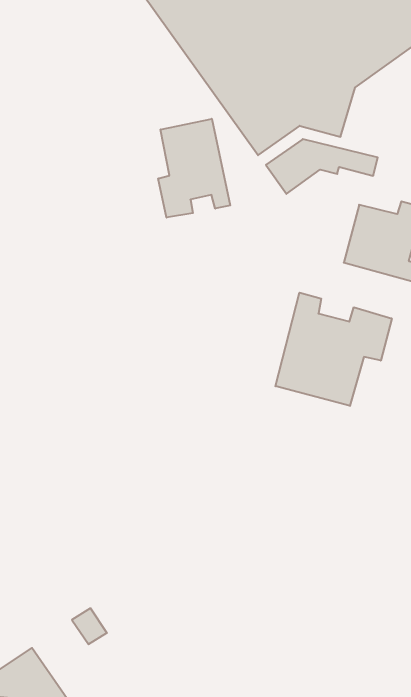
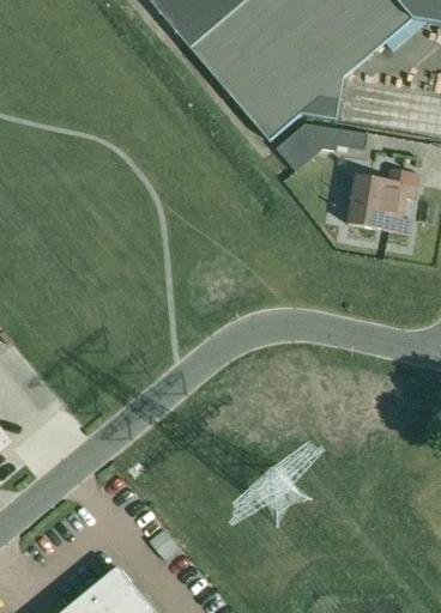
building: [158,119,230,218] -> none
building: [275,293,392,406] -> none

